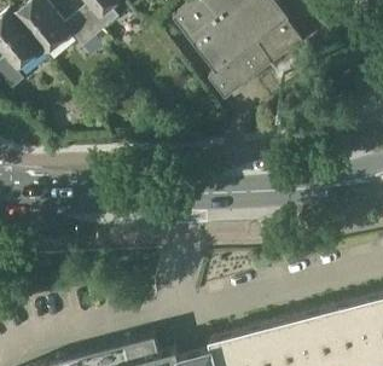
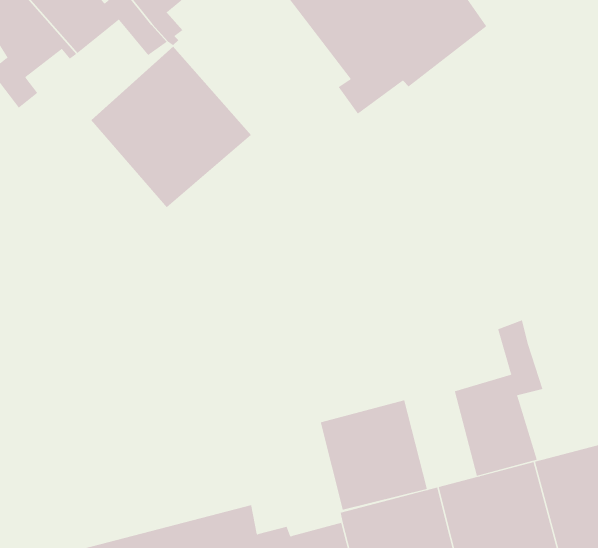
building: none -> [90,46,252,208]
building: none -> [454,320,543,476]
building: none -> [320,399,428,510]

